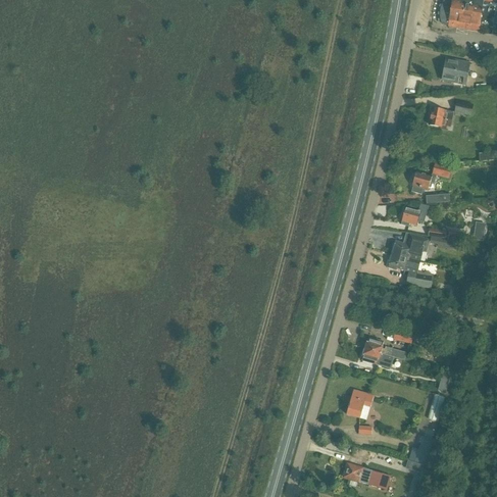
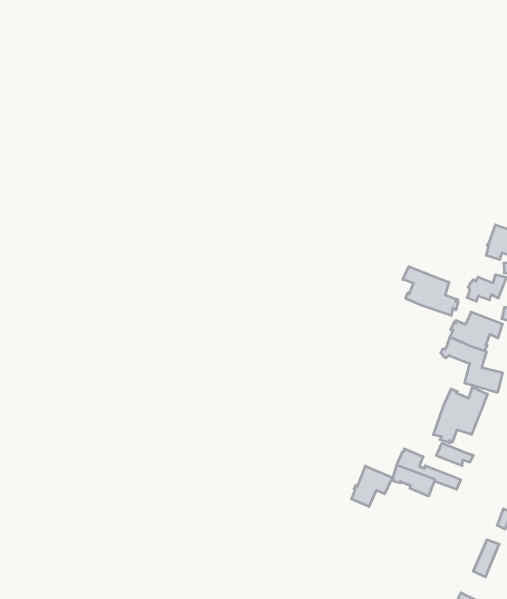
building: none -> [403,267,458,316]
building: none -> [433,387,488,443]
building: [346,389,374,417] -> [351,466,392,507]

